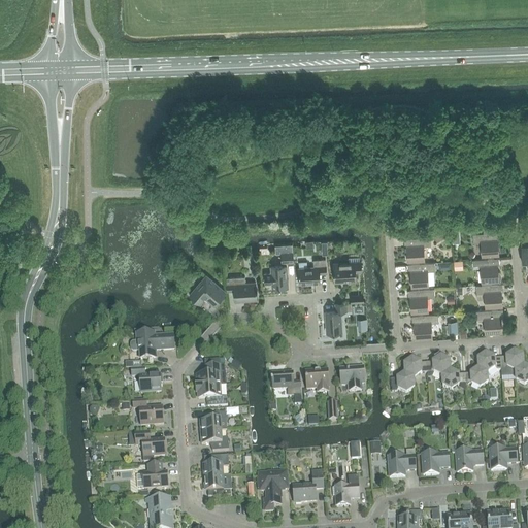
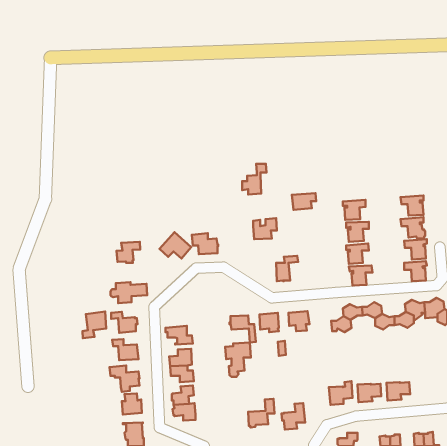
building: [264,251,293,287] -> [242,164,267,194]
building: [332,260,361,279] -> [292,193,316,210]
building: none -> [116,242,140,263]
building: [195,358,225,386] -> none
building: none -> [83,312,106,338]
building: [489,448,517,469] -> none
building: [258,470,288,510] -> [225,343,251,377]

